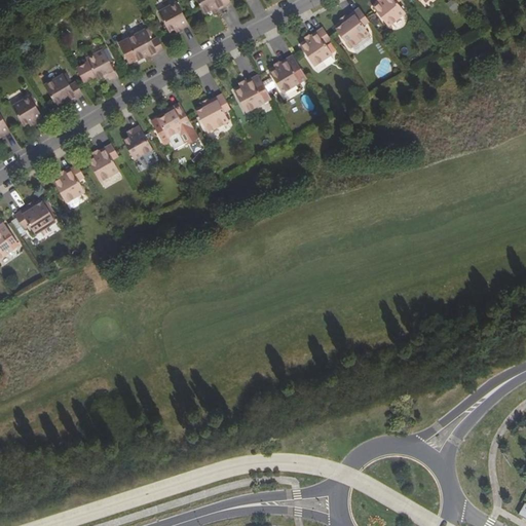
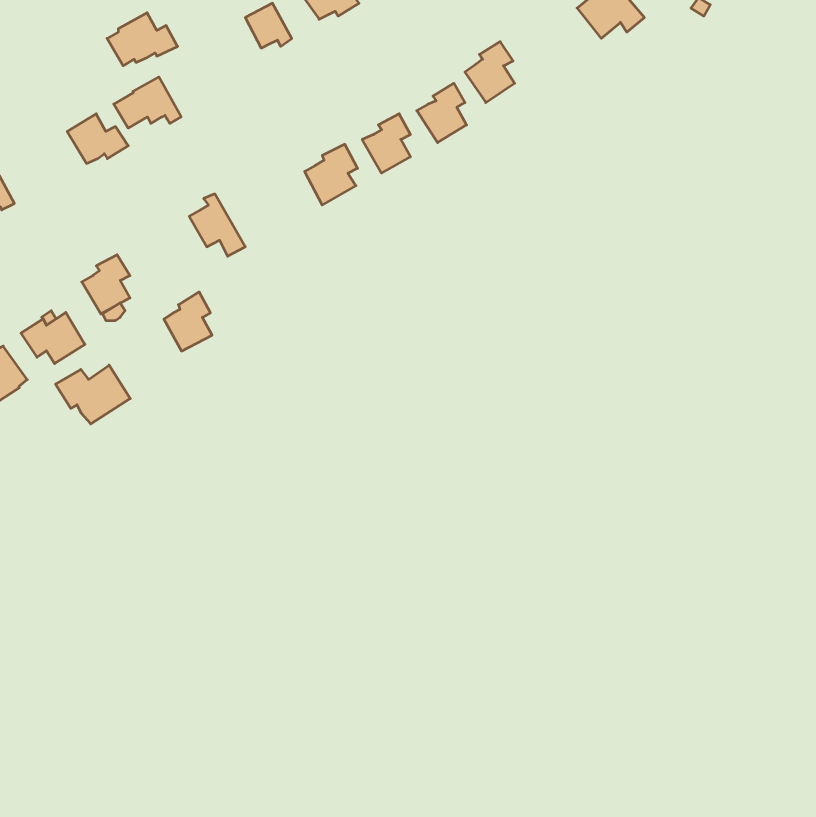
building: [334,6,367,47] -> none
building: [118,28,163,62] -> [107,13,178,66]
building: [11,95,42,123] -> none
building: [150,102,197,148] -> none
building: [87,142,118,180] -> [164,292,212,351]
building: none -> [56,365,130,424]

